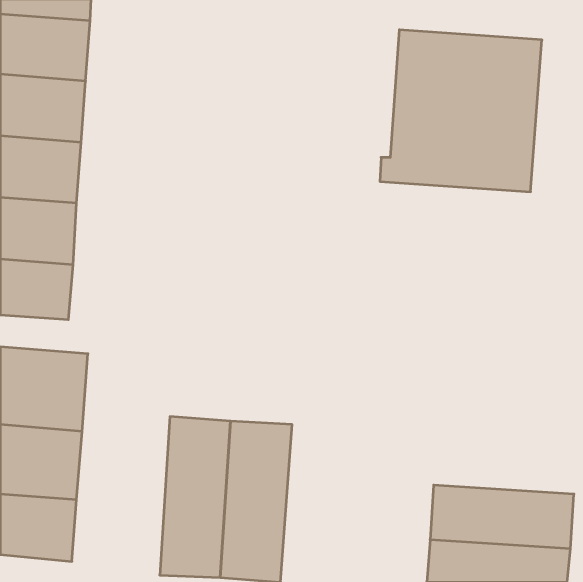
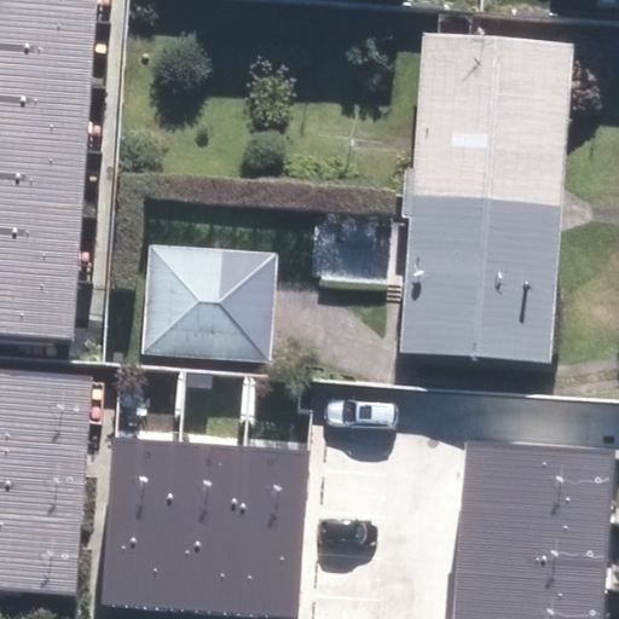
building: none -> [399,192,562,363]
building: none -> [145,251,278,364]
building: none -> [100,436,180,609]
building: none -> [459,439,613,523]

